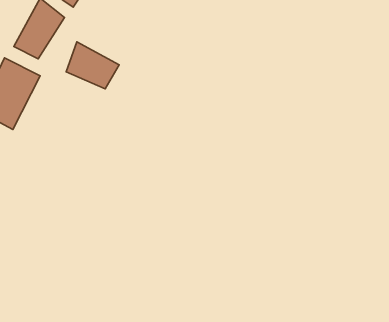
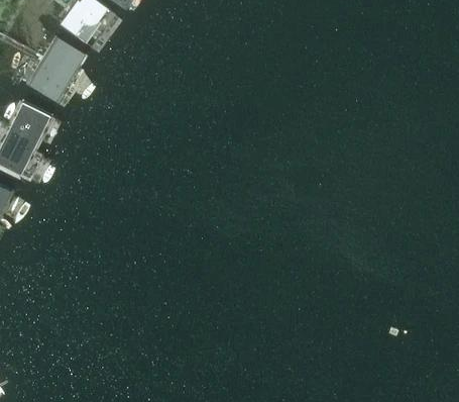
building: [66,42,119,89] -> none

